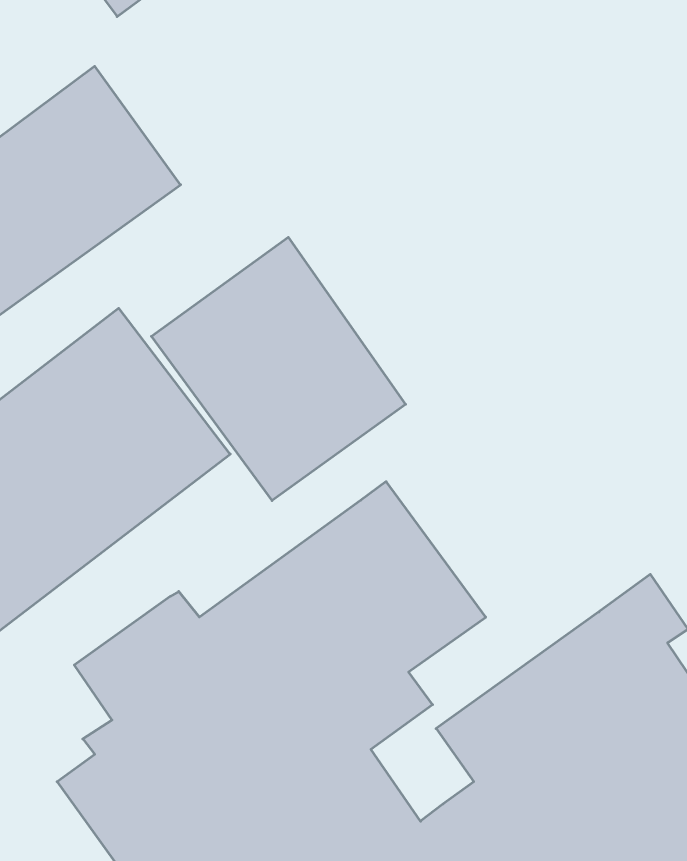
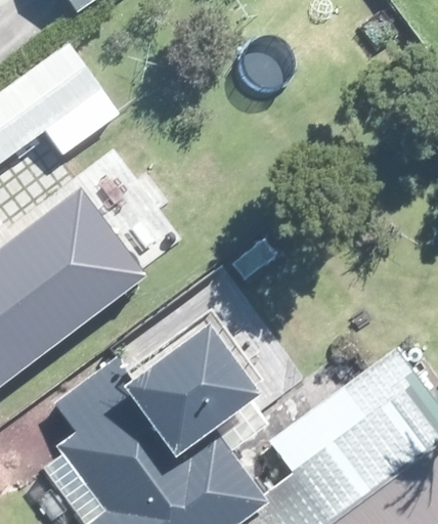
building: [151,237,406,501] -> none

